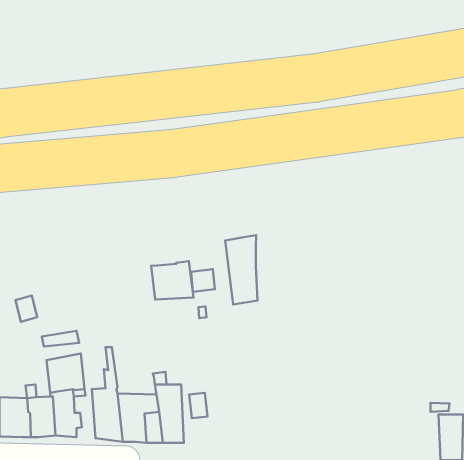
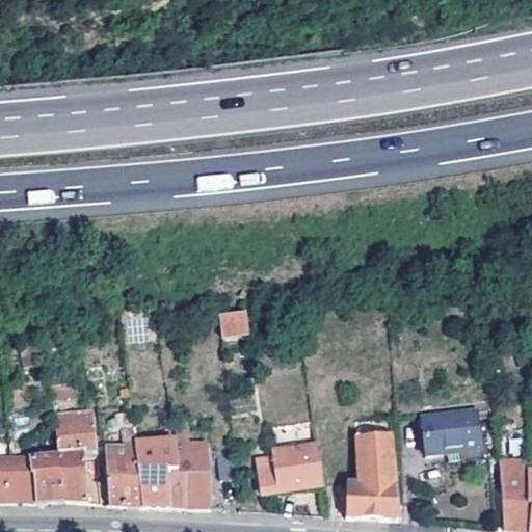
building: [225,235,258,305] -> none
building: [151,261,194,300] -> none
building: none -> [428,415,482,453]
building: none -> [345,435,400,517]
building: none -> [258,443,321,491]

